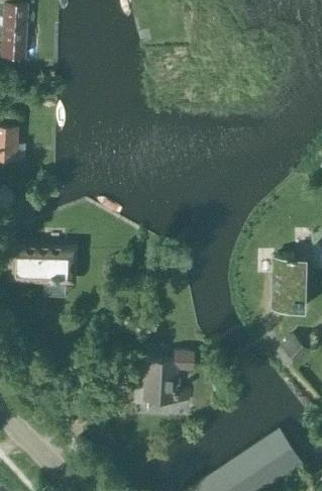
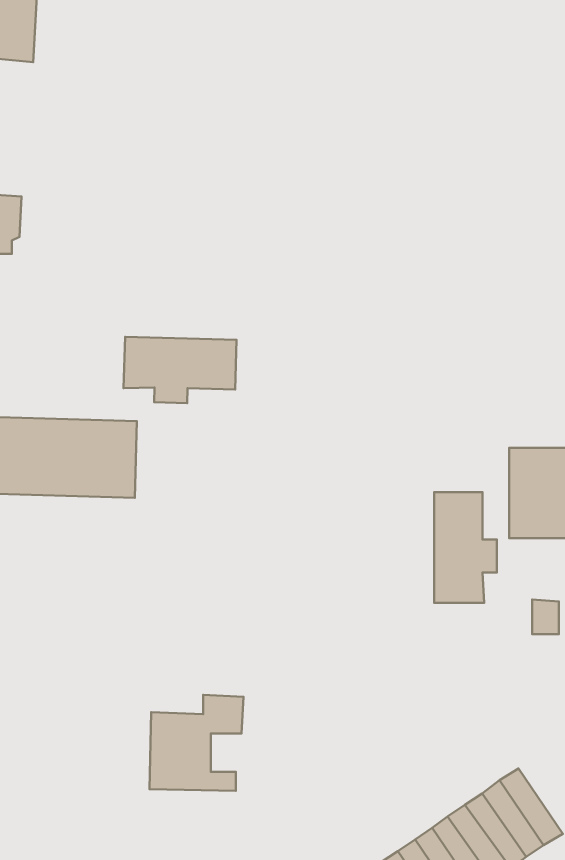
building: none -> [124,337,236,403]
building: none -> [434,492,497,603]
building: [144,352,194,402] -> [149,695,243,791]

